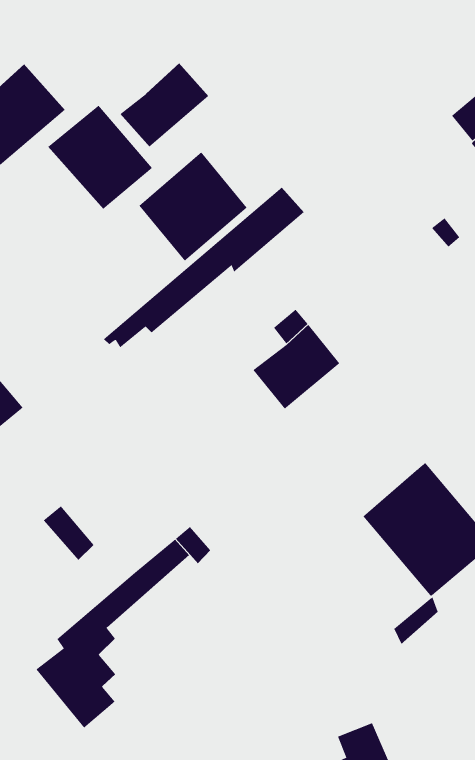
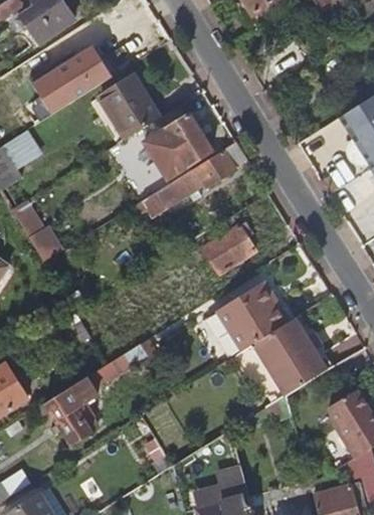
building: [120,63,209,148] -> none
building: none -> [218,284,290,351]

